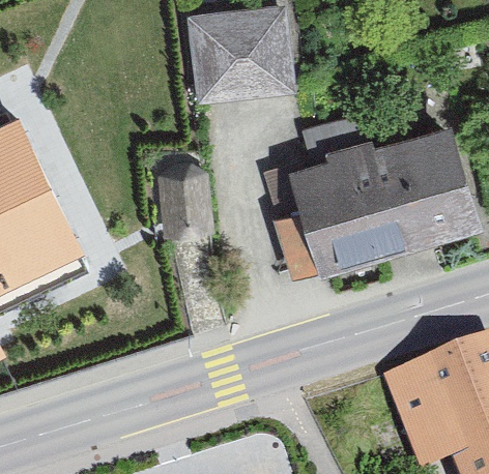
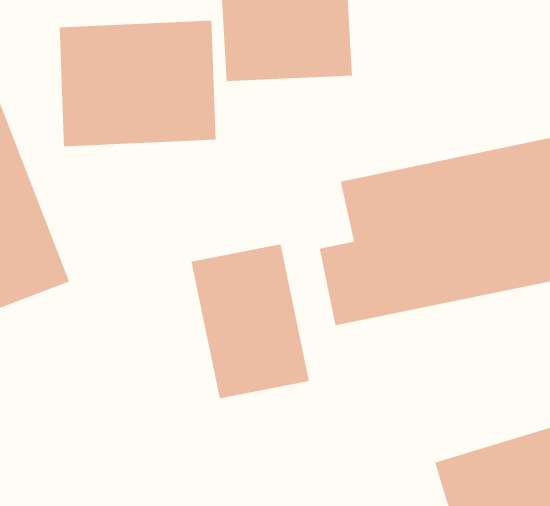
building: none -> [59,20,216,147]
building: none -> [190,243,310,399]

